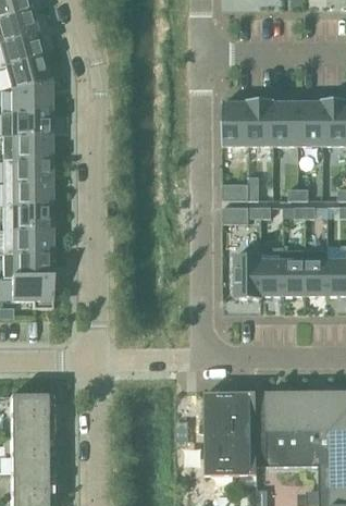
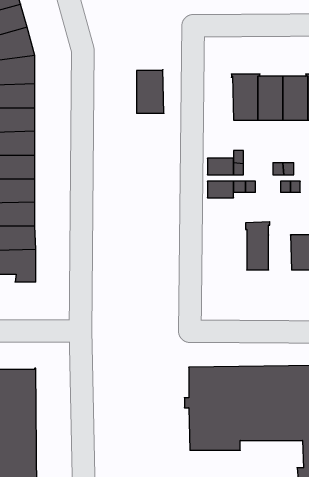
building: [222,102,249,146] -> [137,70,164,113]
building: [284,250,307,295] -> none
building: [235,255,262,298] -> none

